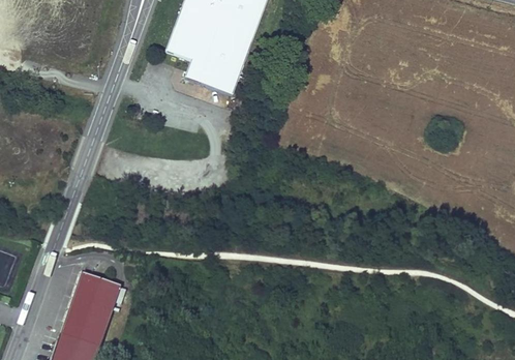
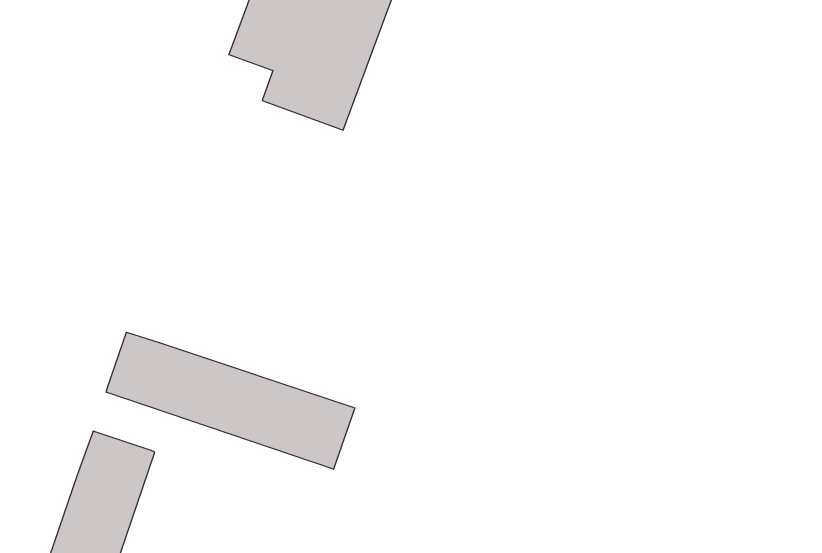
building: none -> [106,332,355,469]

